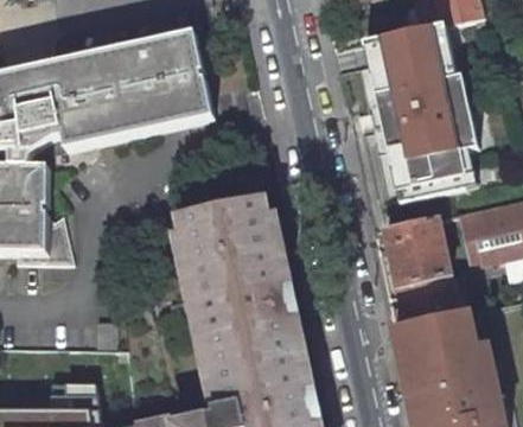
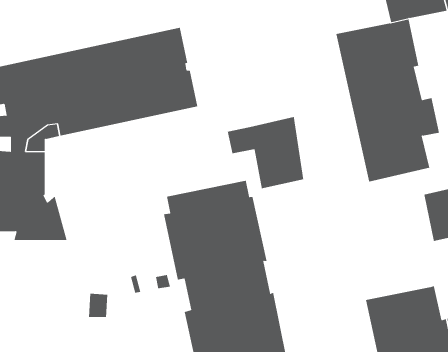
building: none -> [227,116,304,189]
building: [385,217,465,324] -> none

